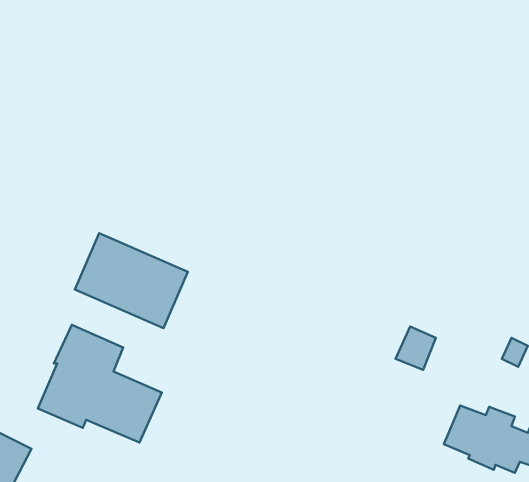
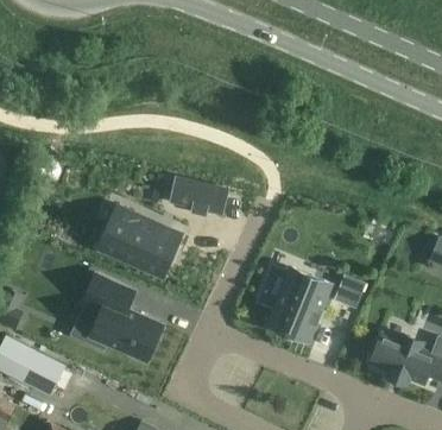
building: none -> [170,178,228,215]
building: none -> [255,263,330,341]

